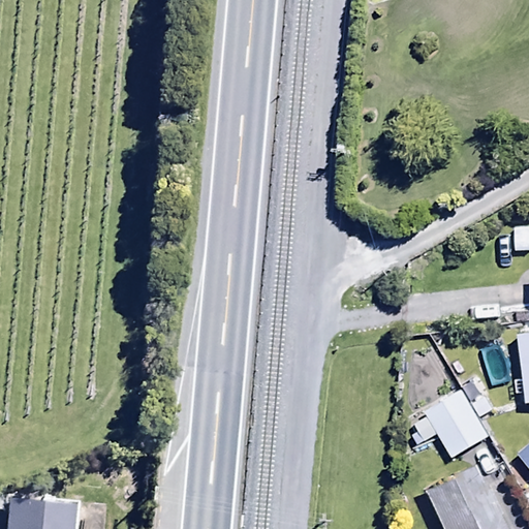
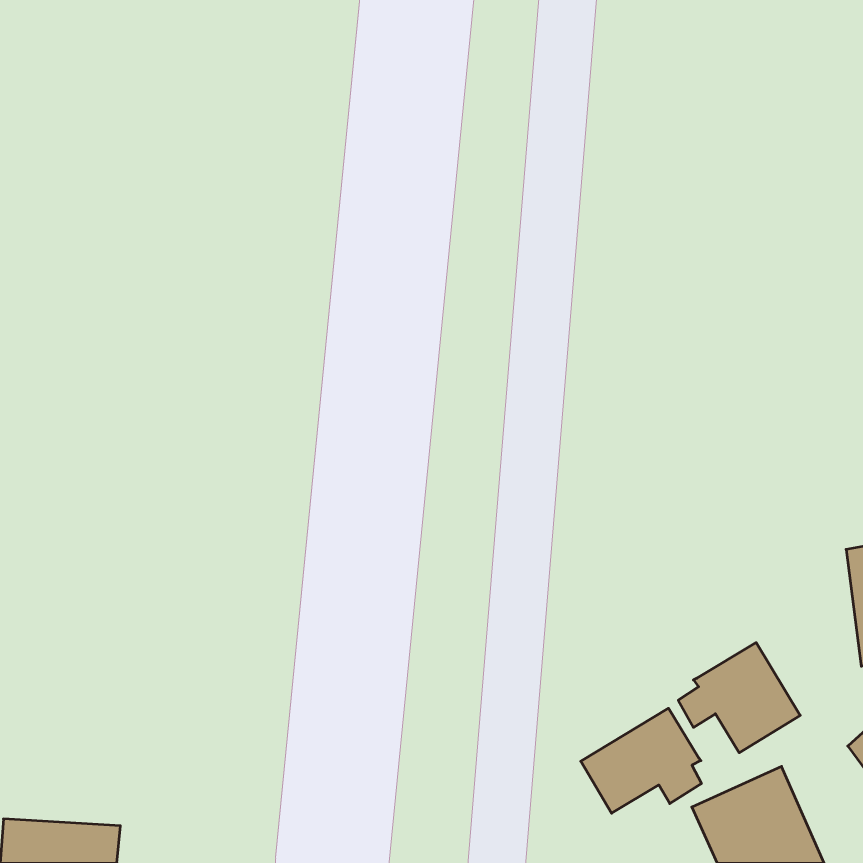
building: none -> [581,708,701,813]

